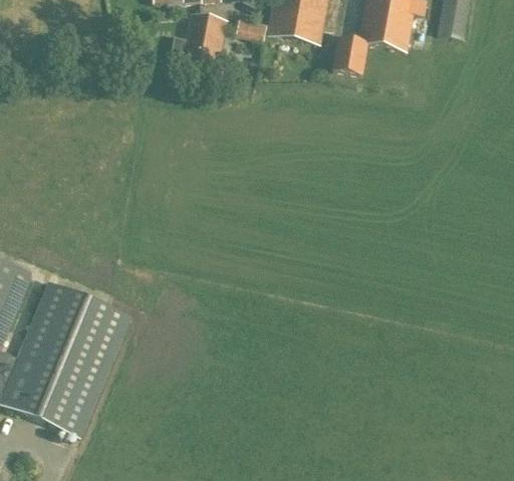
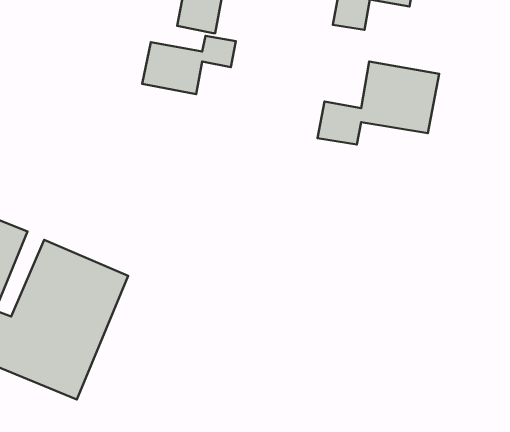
building: none -> [142,36,236,94]
building: none -> [318,62,439,145]

